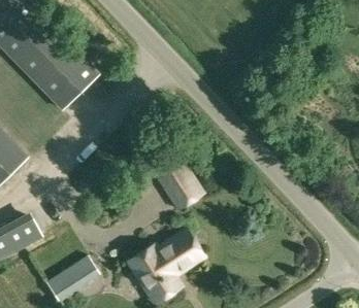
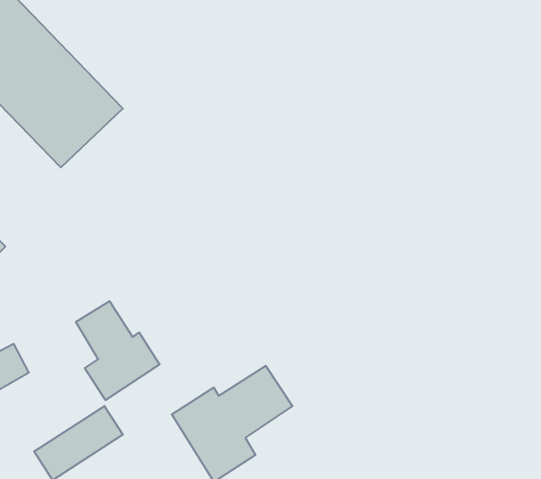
building: [156,157,202,207] -> none
building: none -> [76,301,160,400]

